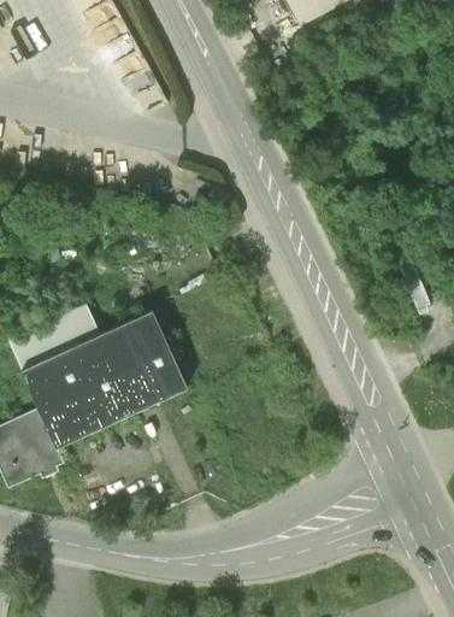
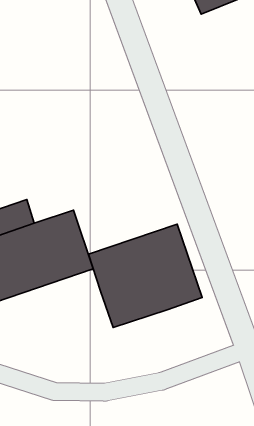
building: none -> [88,224,202,328]

